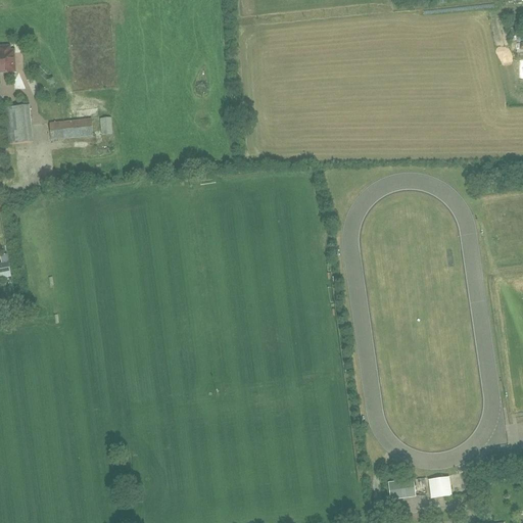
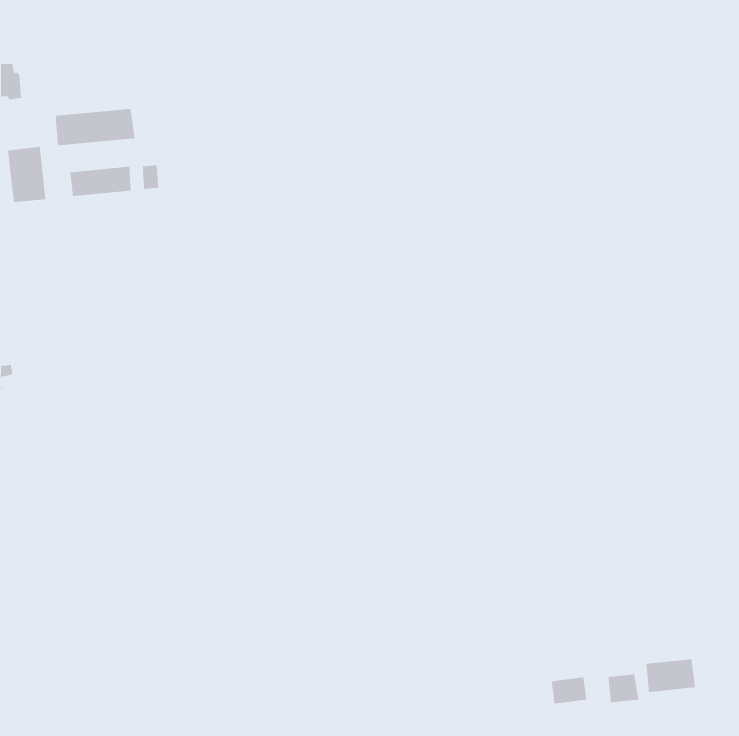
building: none -> [55,108,135,146]
building: none -> [646,658,696,693]

